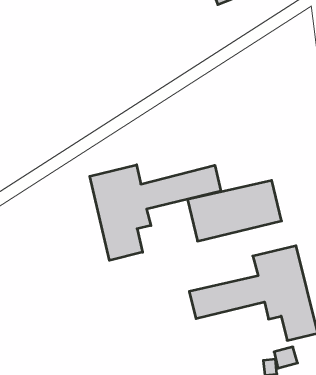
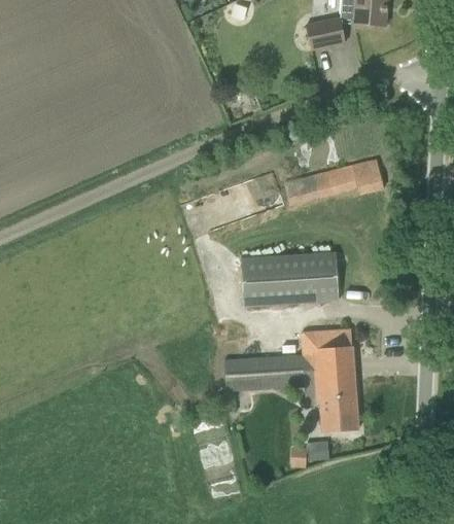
building: none -> [284,161,384,206]
building: [90,165,221,260] -> none

